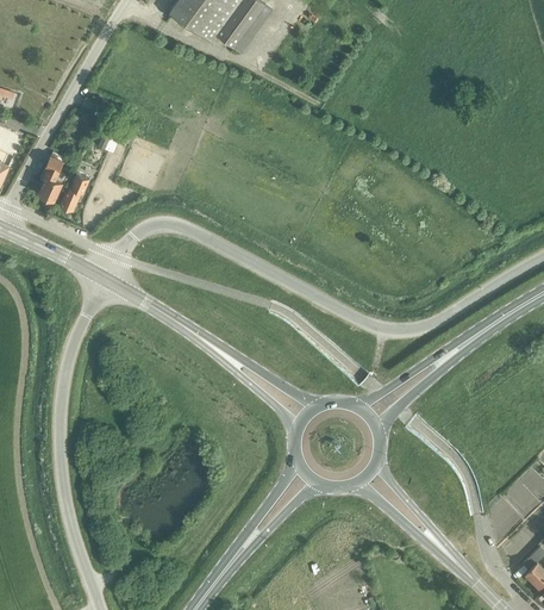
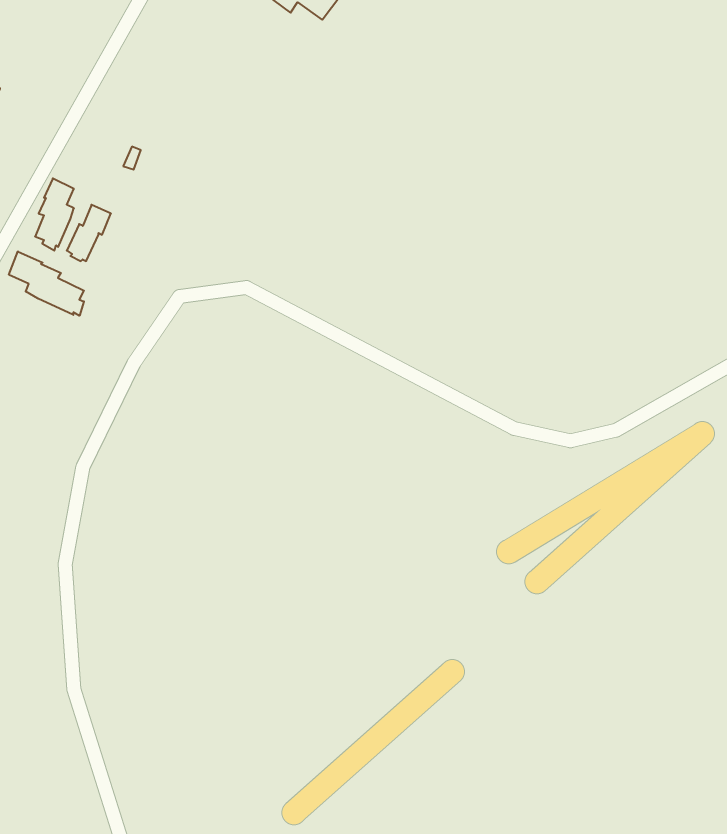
building: none -> [9,251,84,316]

